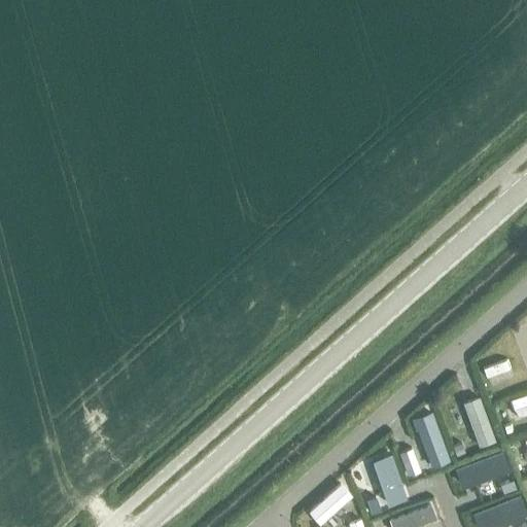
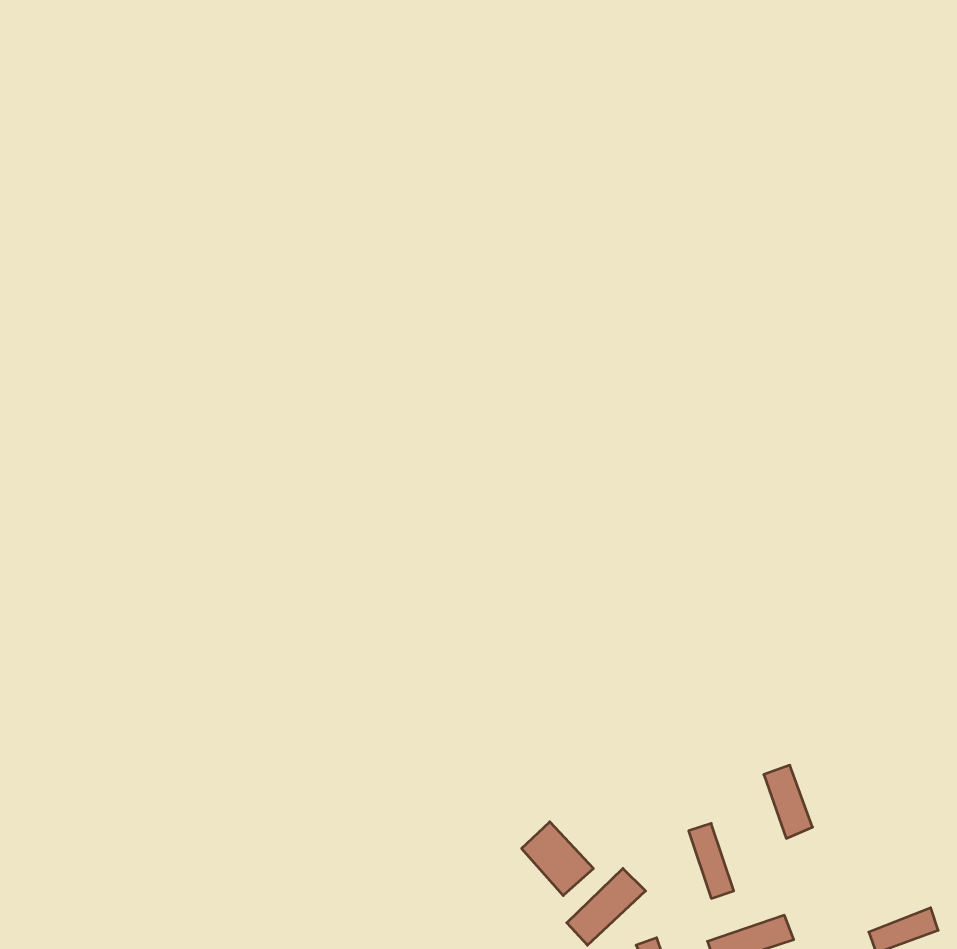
building: [463,400,495,450] -> none
building: [461,456,508,486] -> none
building: none -> [522,822,593,896]

